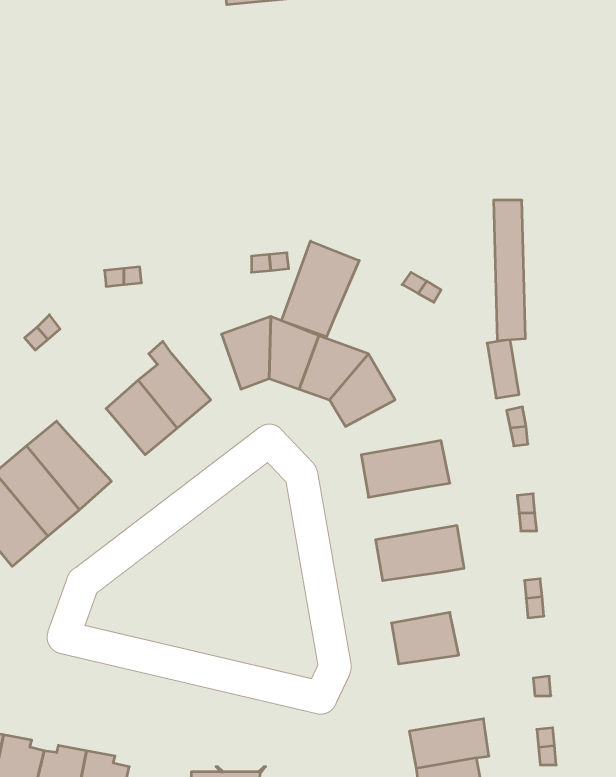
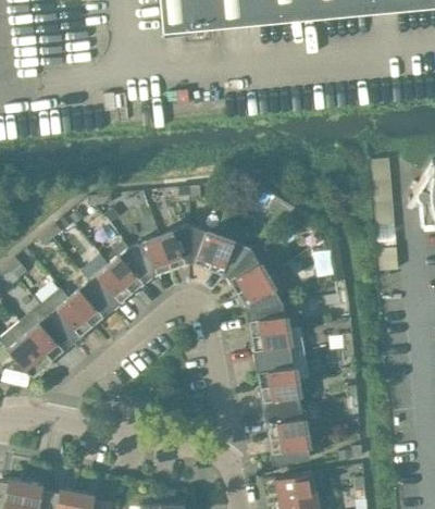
building: [494,200,525,340] -> [376,158,396,244]
building: [281,241,359,337] -> none
building: none -> [128,235,171,275]
building: none -> [235,269,286,309]
building: none -> [66,281,112,325]
building: none -> [249,326,303,361]
building: none -> [258,381,299,412]
building: none -> [268,432,309,464]

